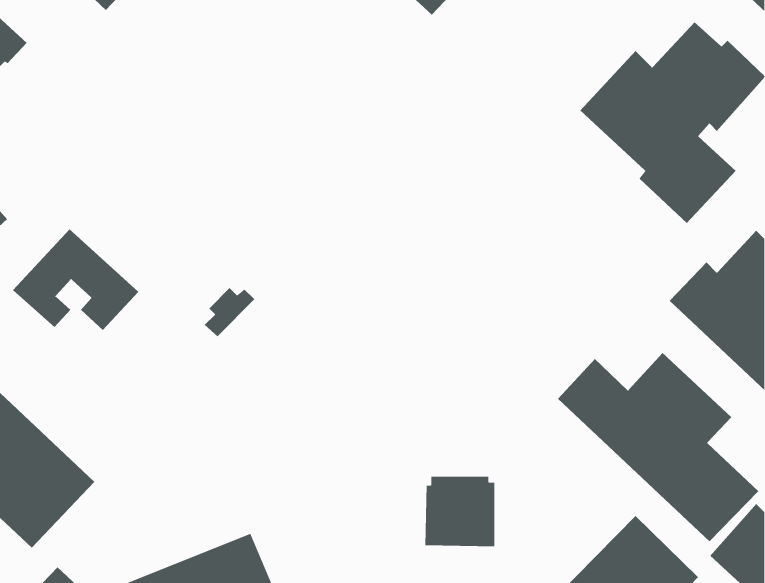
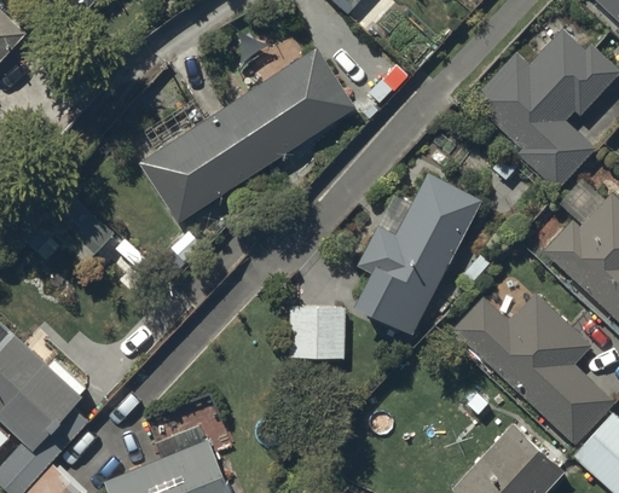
building: none -> [140,58,355,233]
building: none -> [348,172,479,329]
building: [424,476,495,547] -> [289,304,346,361]

